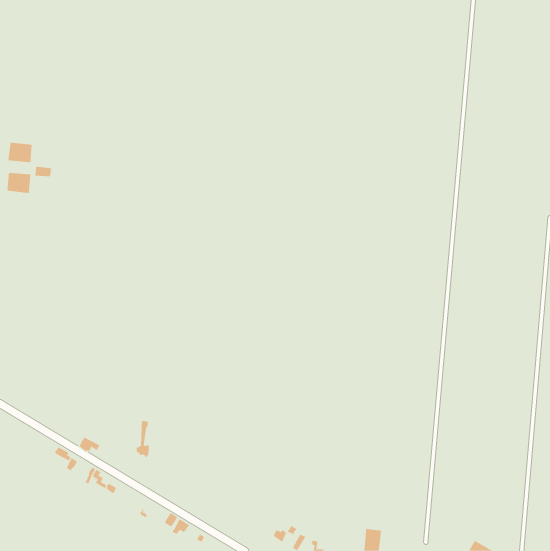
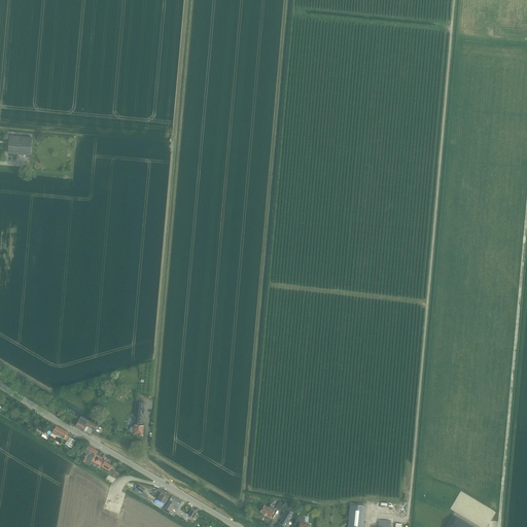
building: [7,172,31,194] -> none

